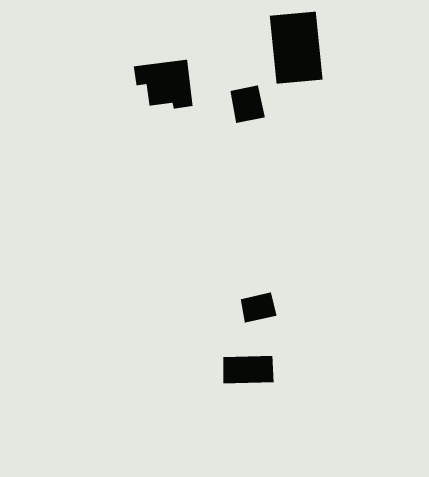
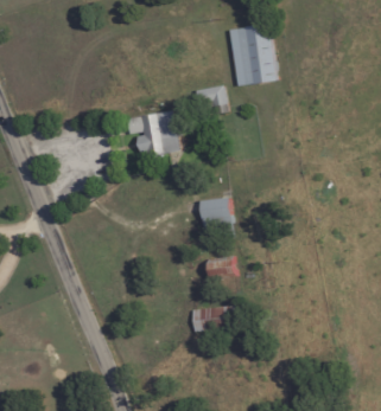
building: [133,59,193,109] -> [127,113,177,154]
building: none -> [199,197,234,231]

